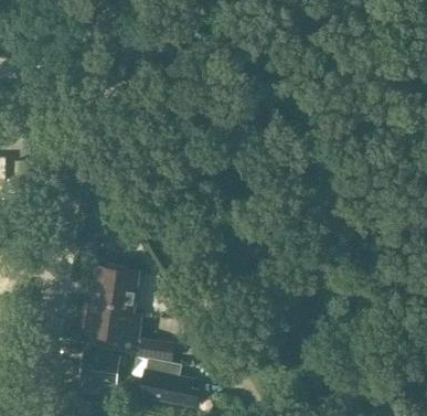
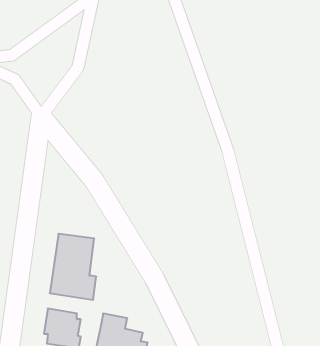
building: [137,338,173,361] -> none

